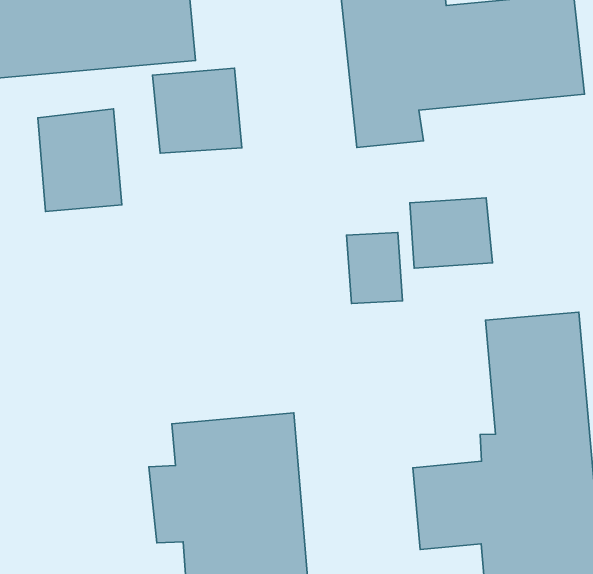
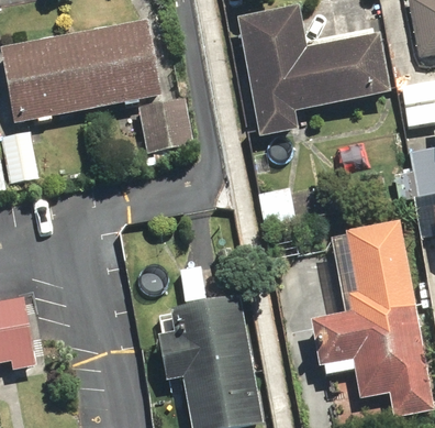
building: [38,109,122,212] -> none
building: [410,198,492,268] -> none

